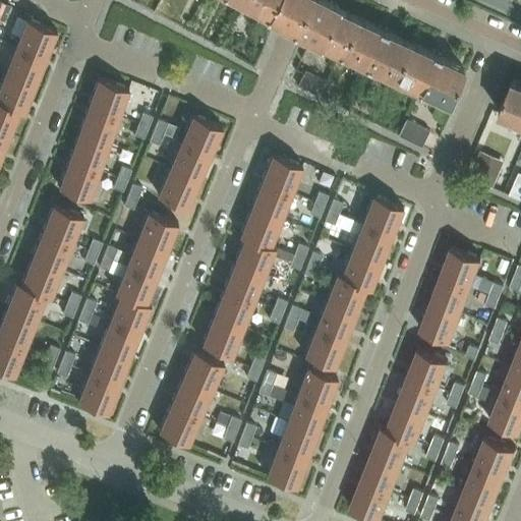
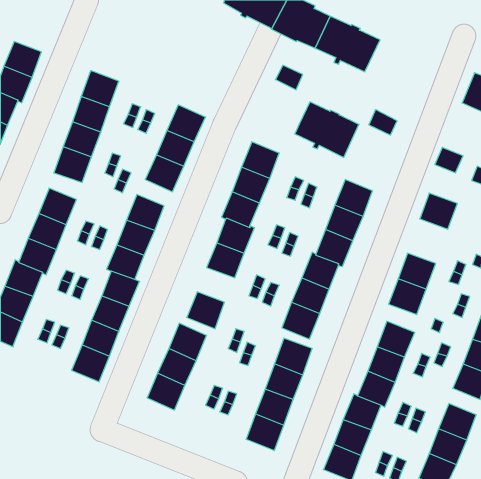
building: [16,21,57,60] -> none
building: [395,47,464,107] -> [295,102,359,157]
building: [441,249,481,288] -> [420,193,457,229]
building: [214,292,254,330] -> none

